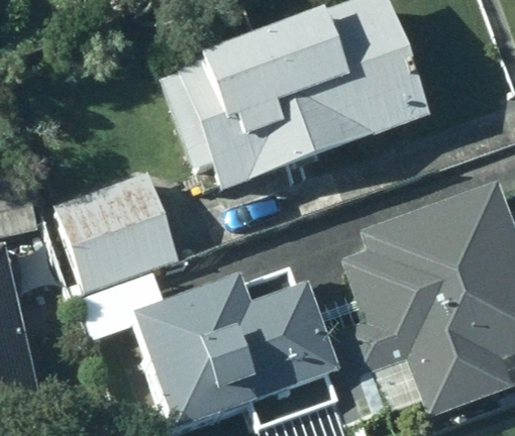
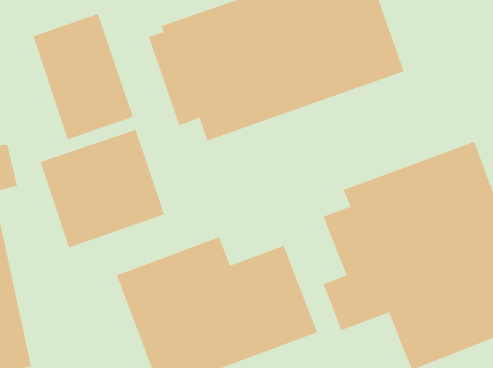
building: none -> [33,13,134,140]

